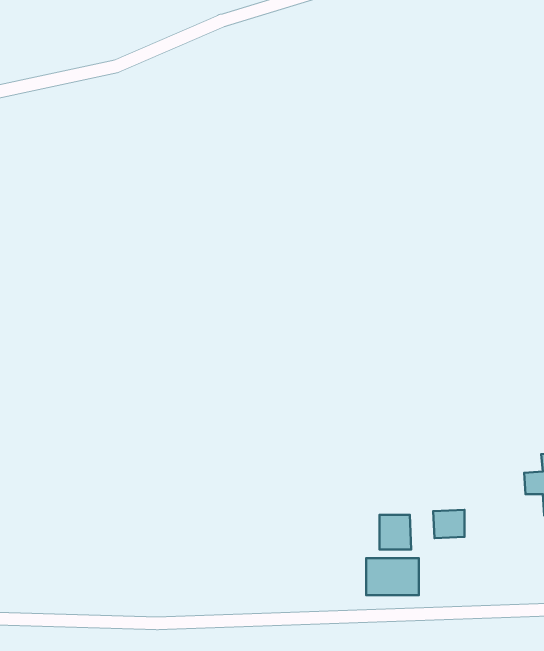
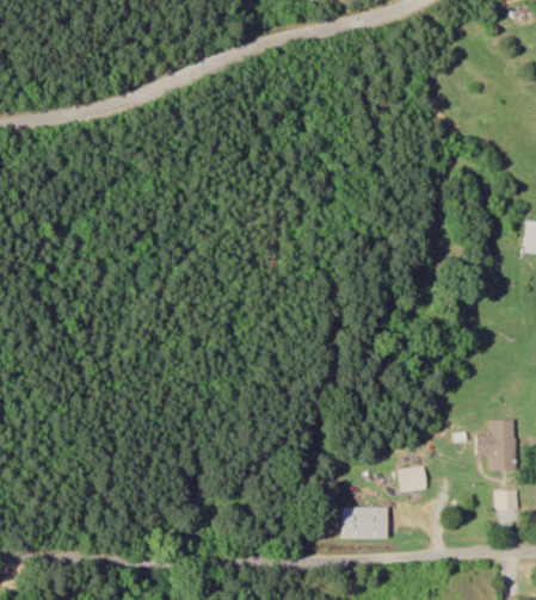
building: [379,515,411,549] -> none

